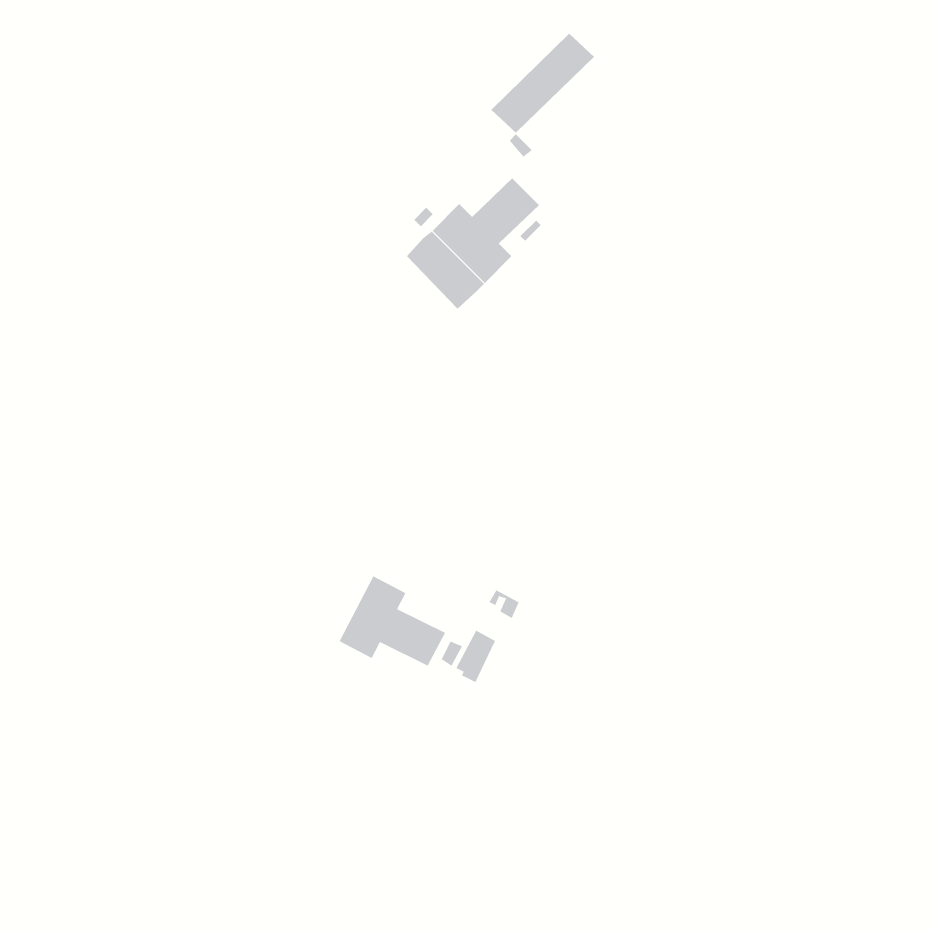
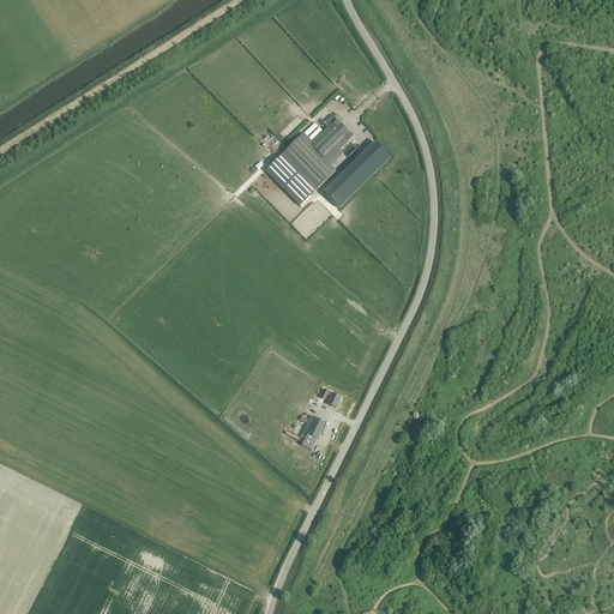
building: [490,33,595,134] -> [323,139,391,205]
building: [339,576,446,667] -> none

